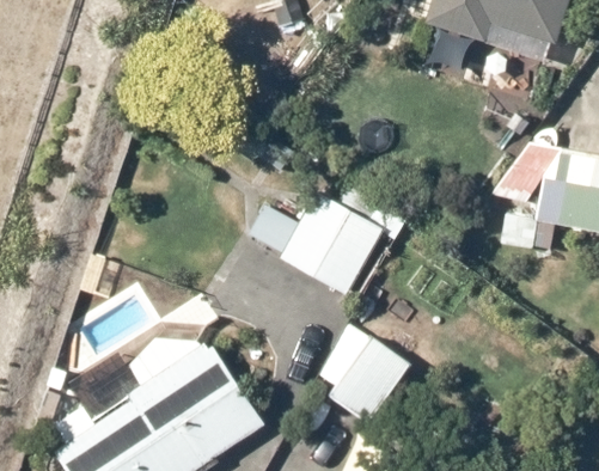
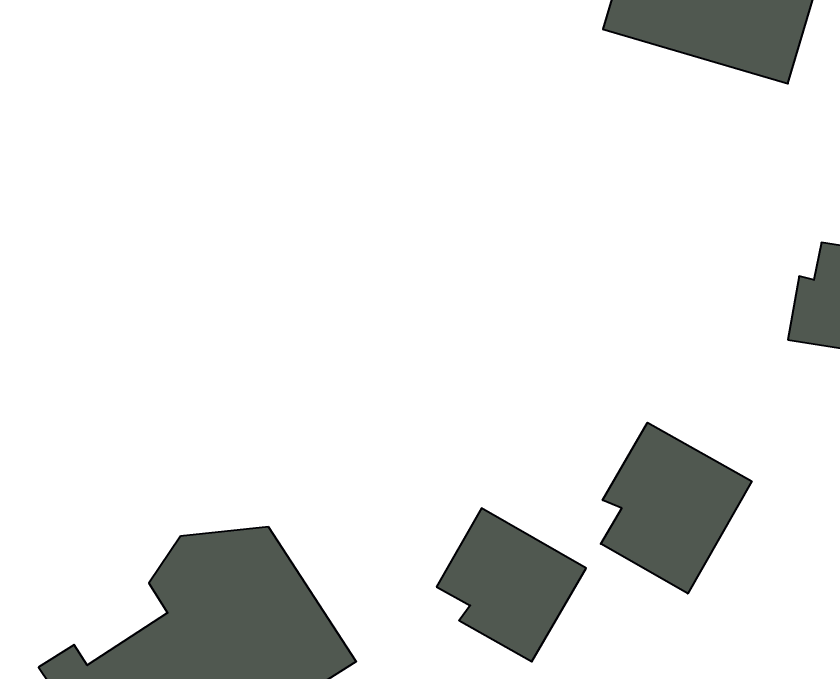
building: [255,195,381,294] -> none
building: none -> [601,423,752,594]

